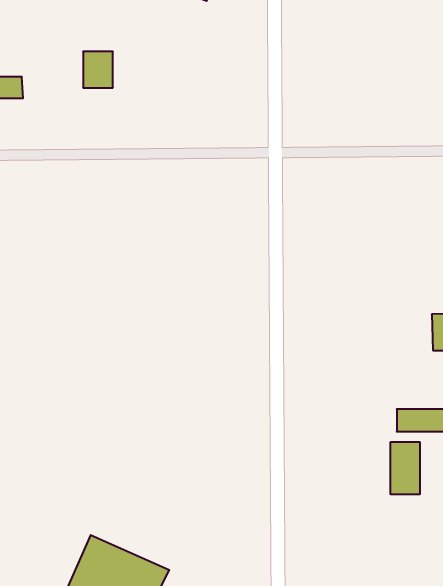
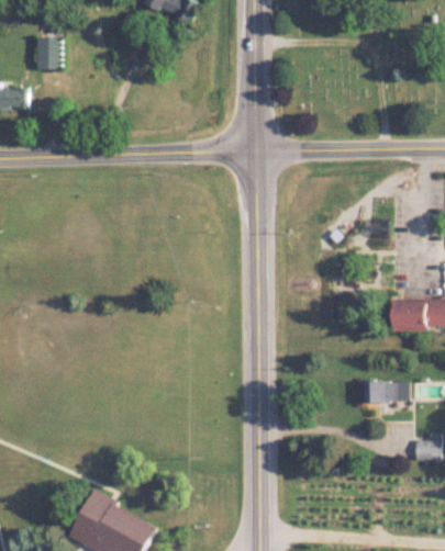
building: [83,52,113,88] -> [37,36,64,68]
building: [391,442,420,494] -> none

